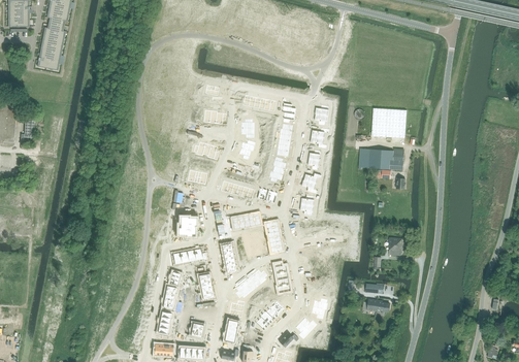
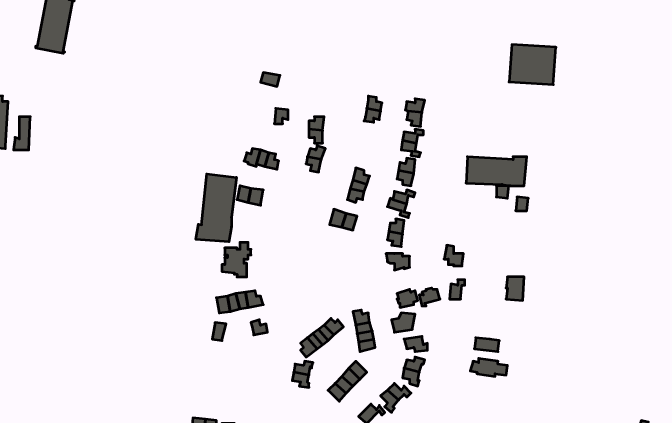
building: [371,108,407,138] -> [509,45,556,85]
building: none -> [196,174,236,242]

